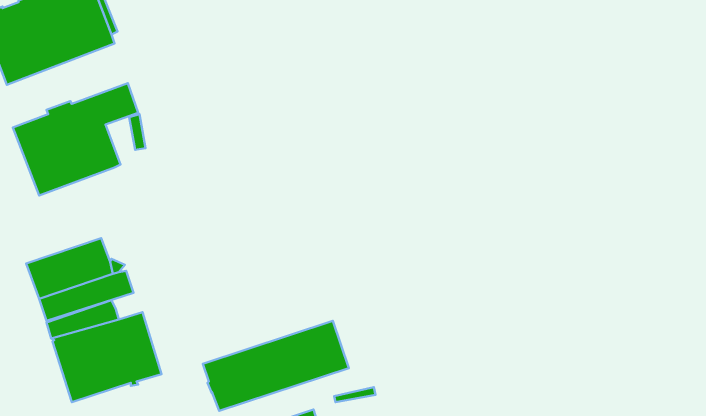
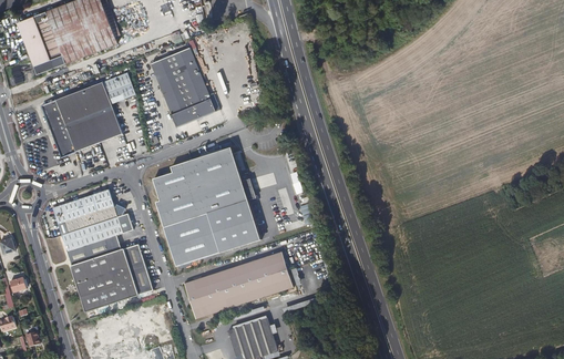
building: none -> [151,48,215,126]
building: none -> [153,147,259,265]

